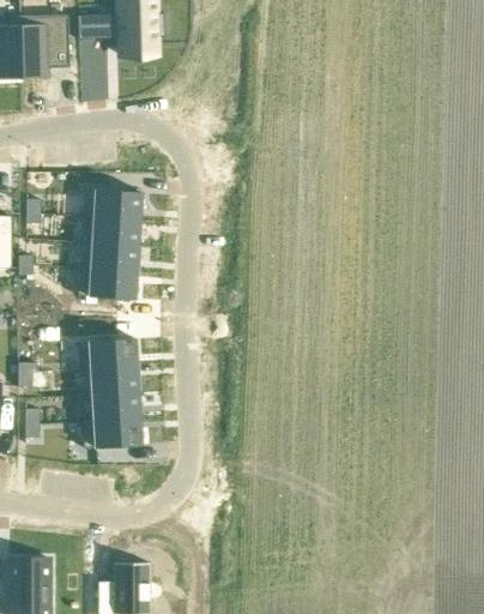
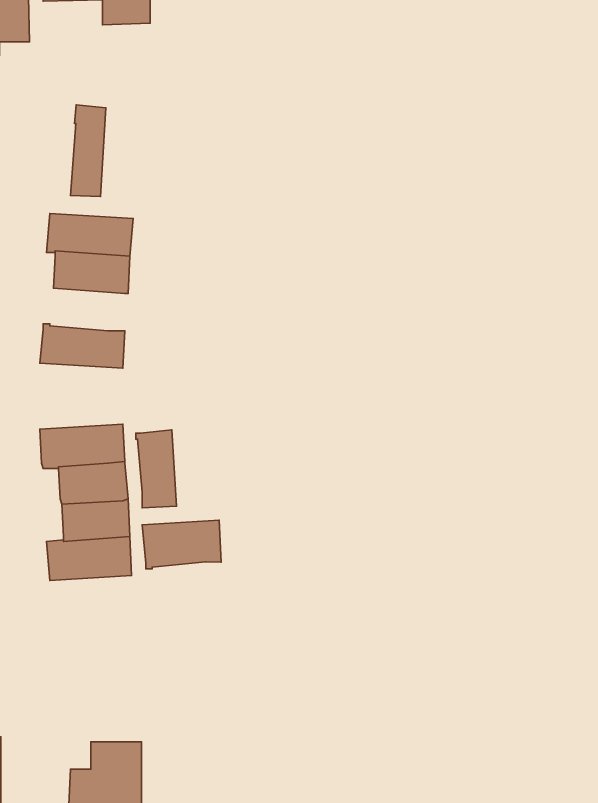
building: none -> [71,105,106,197]
building: [84,242,139,272] -> none
building: none -> [136,430,176,508]
building: none -> [142,520,221,569]

